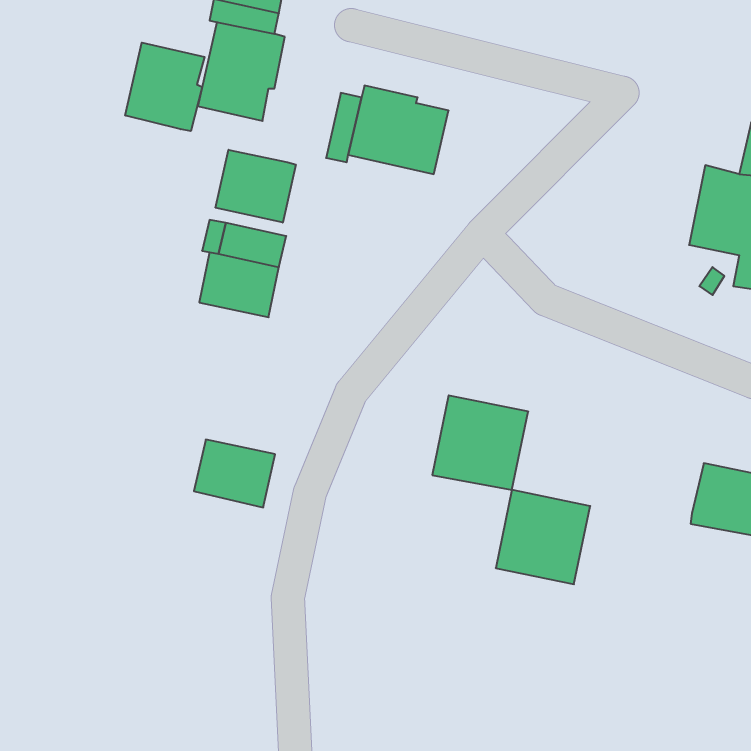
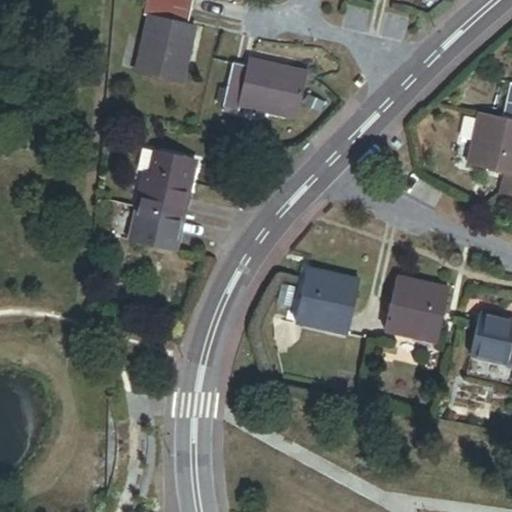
building: [125,43,205,131] -> none
building: [216,150,296,223] -> none
building: [194,440,275,507] -> [129,205,184,251]
building: [496,490,590,584] -> [385,277,449,341]

